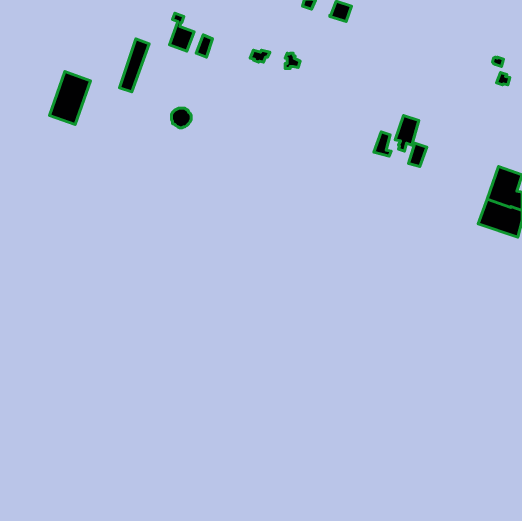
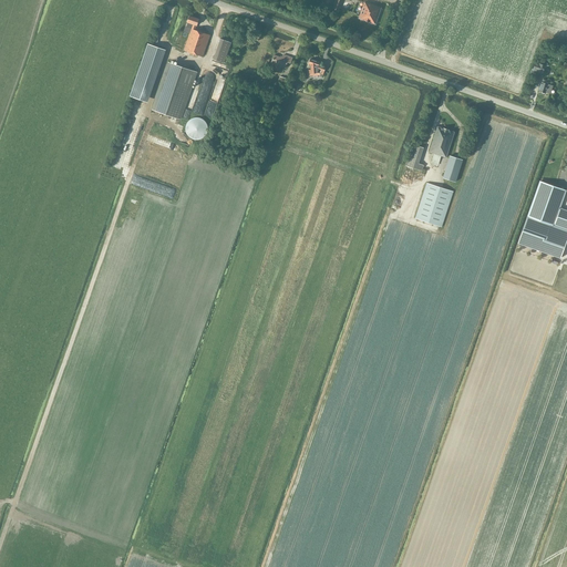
building: [50,72,90,125] -> [153,61,197,118]
building: none -> [415,182,453,226]

